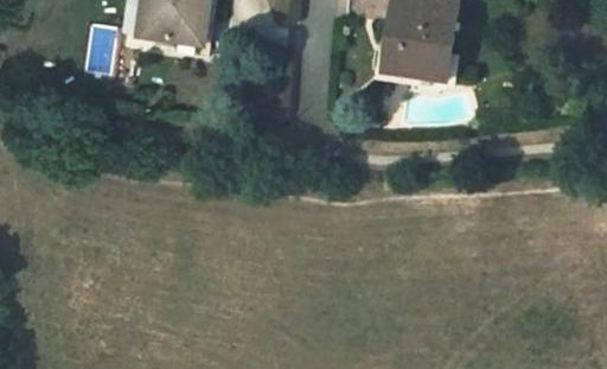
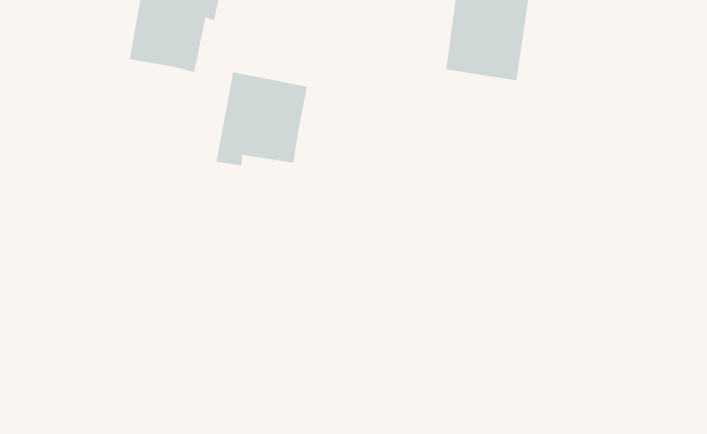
building: none -> [216,72,308,166]

